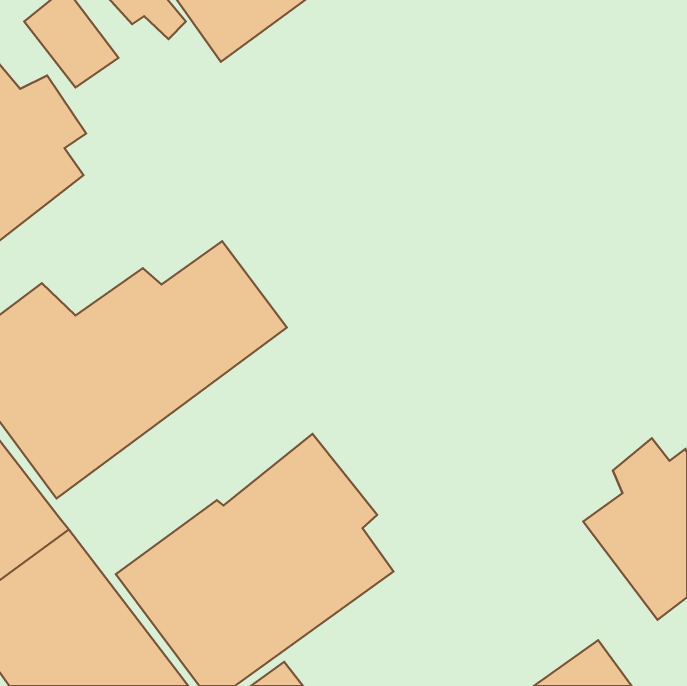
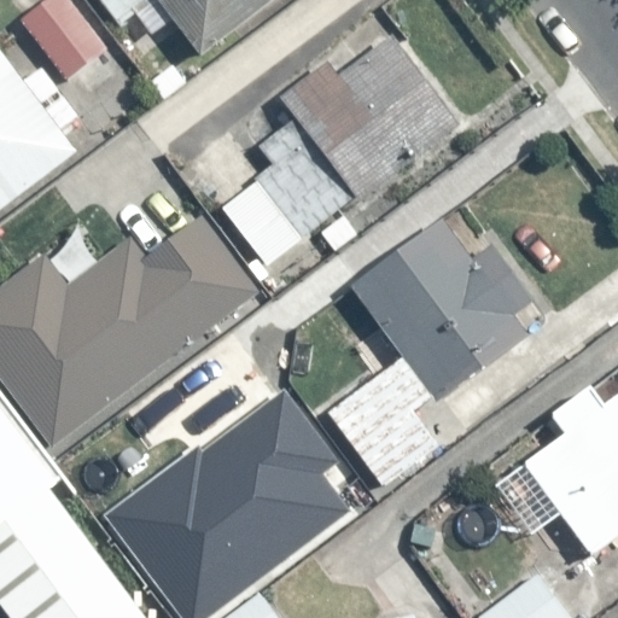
building: none -> [220,36,460,266]
building: none -> [328,222,532,485]

